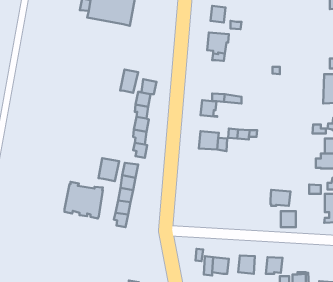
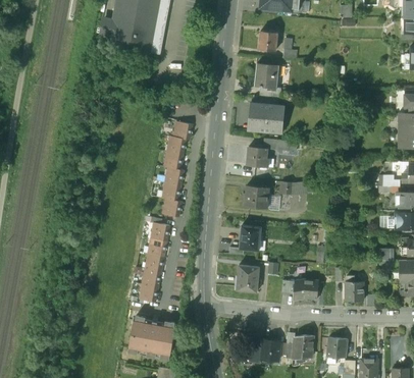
building: none -> [251,103,281,133]
building: [120,70,138,93] -> none
building: [99,158,119,181] -> none
building: none -> [240,224,261,250]
building: [65,182,103,219] -> [128,315,175,360]
building: [270,190,290,206] -> [294,280,318,300]
building: none -> [236,264,259,291]

